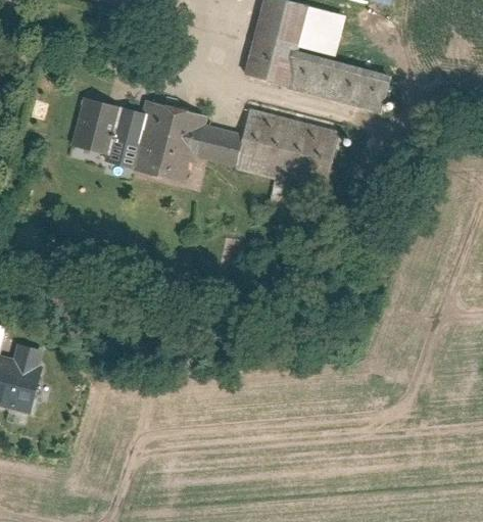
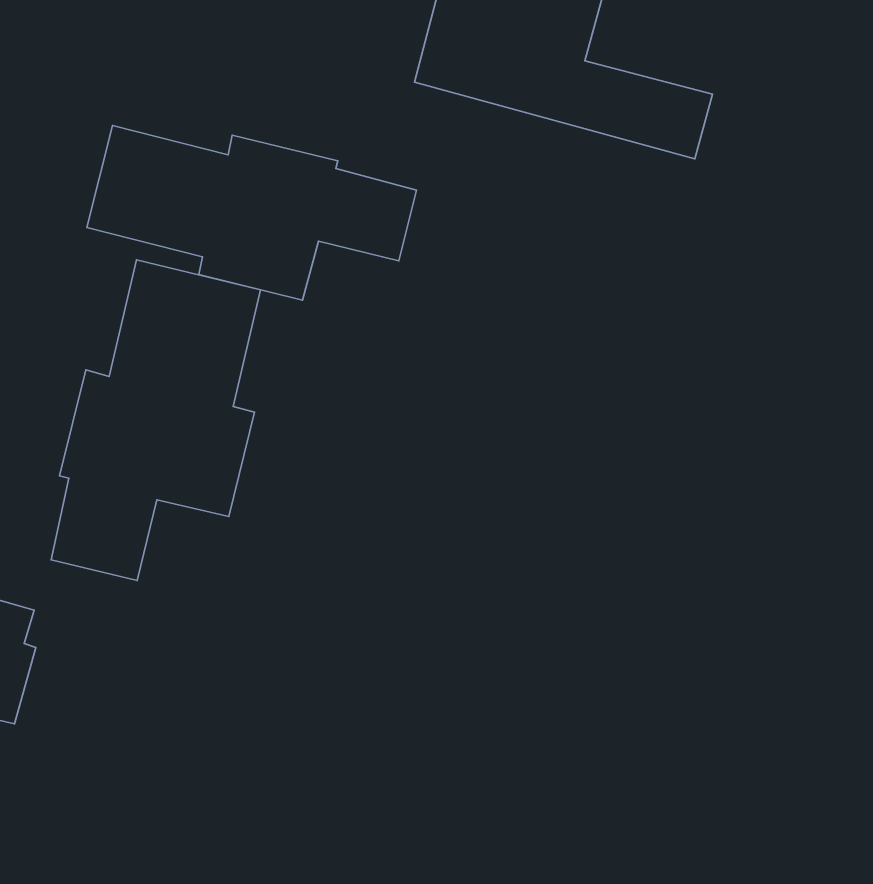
building: [233,112,334,188] -> none
building: none -> [51,260,261,581]

